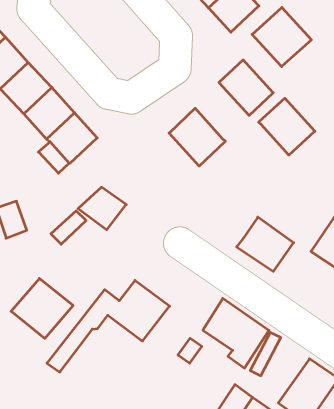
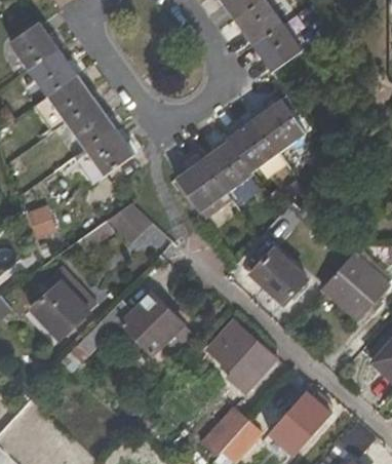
building: [252,7,311,67] -> none
building: [259,98,315,155] -> [227,117,279,171]
building: none -> [175,159,226,211]

